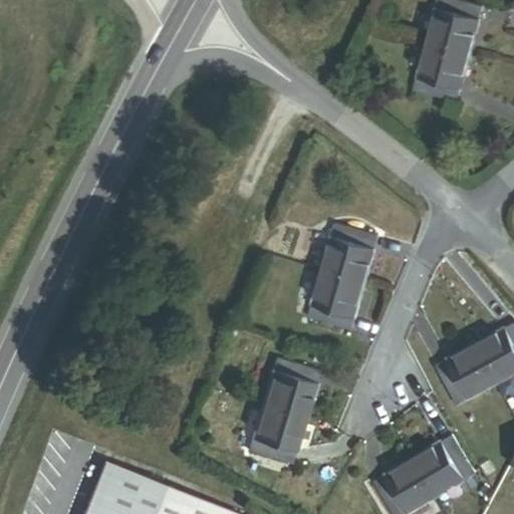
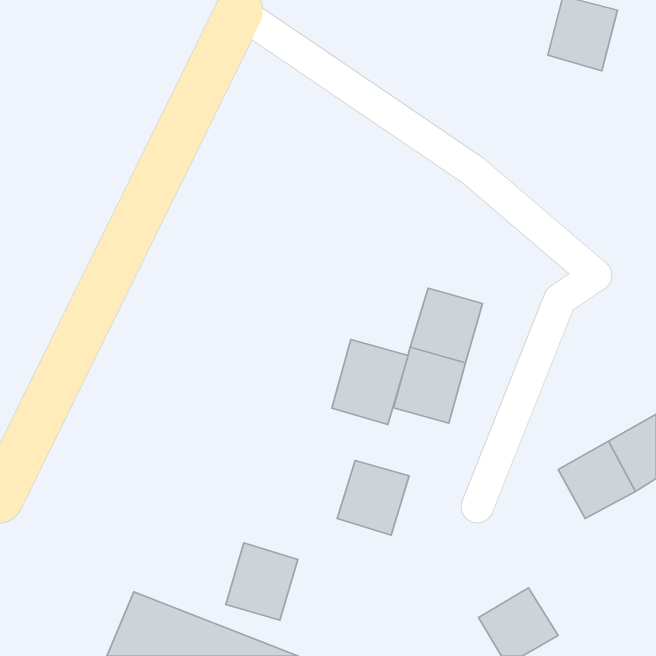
building: [415,43,470,102] -> none
building: none -> [332,340,408,424]
building: [249,405,305,465] -> [226,543,298,620]
building: [413,435,475,496] -> none

